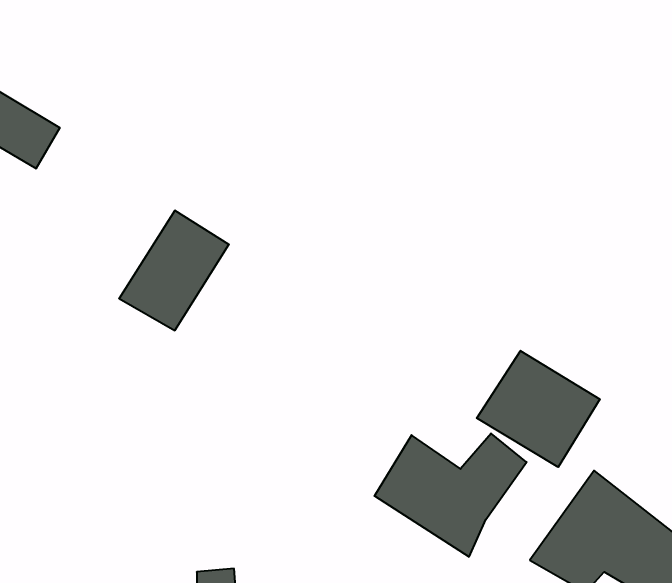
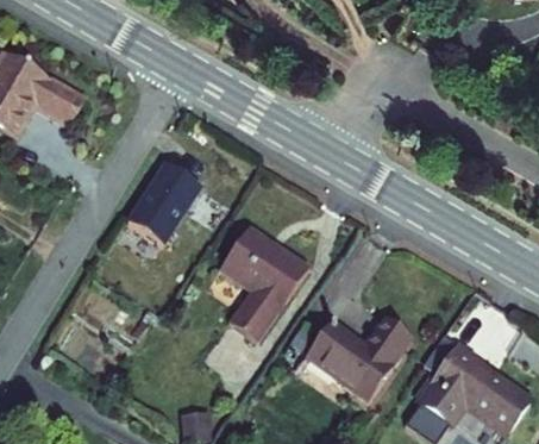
building: none -> [219,225,308,340]
building: [477,351,600,467] -> none

